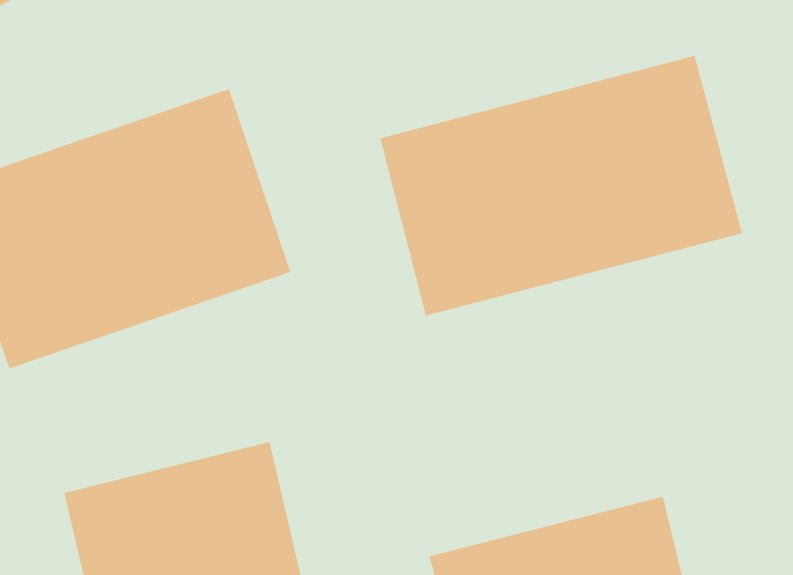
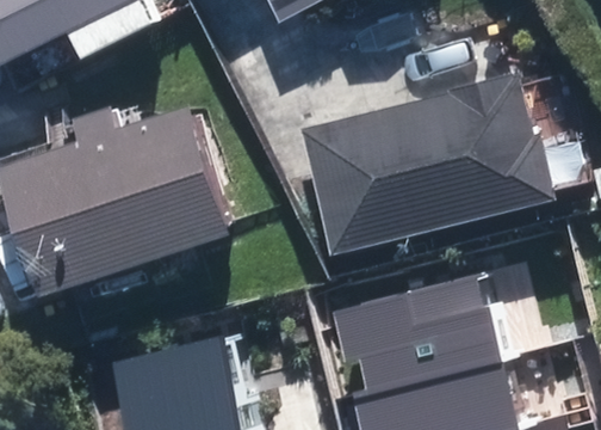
building: none -> [311,283,492,416]

